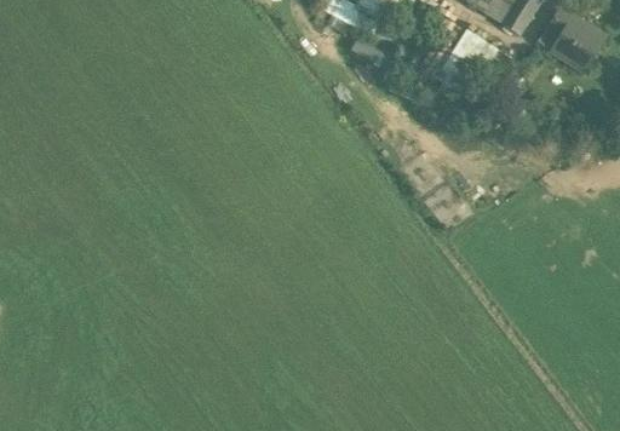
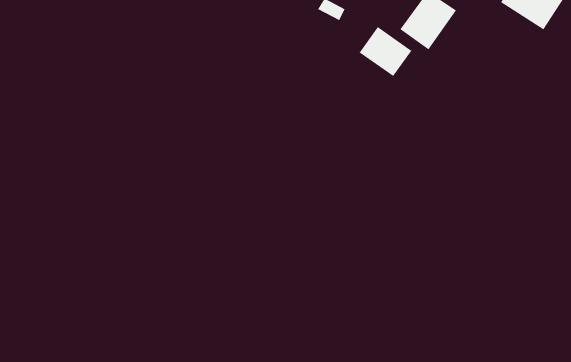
building: none -> [359,26,412,77]

